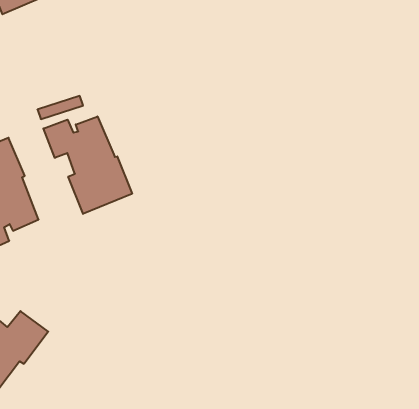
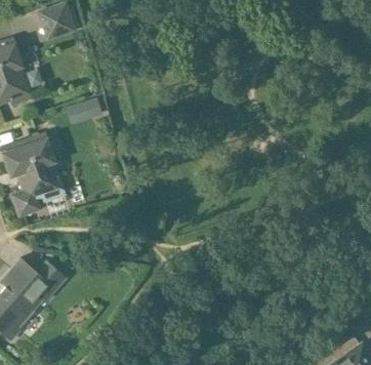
building: [43,116,132,214] -> none

